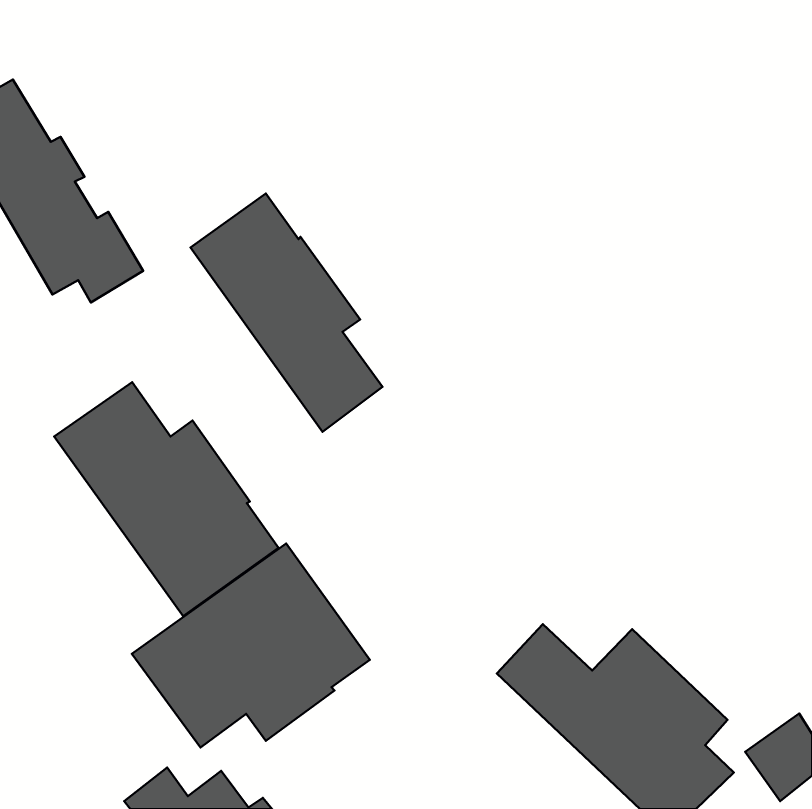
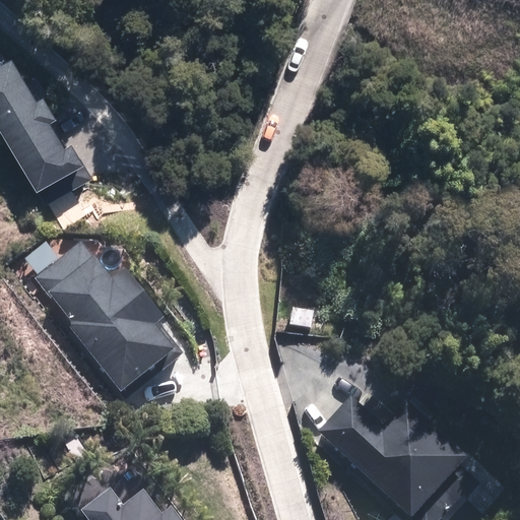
building: [190,193,382,432] -> none
building: [132,543,370,747] -> none

